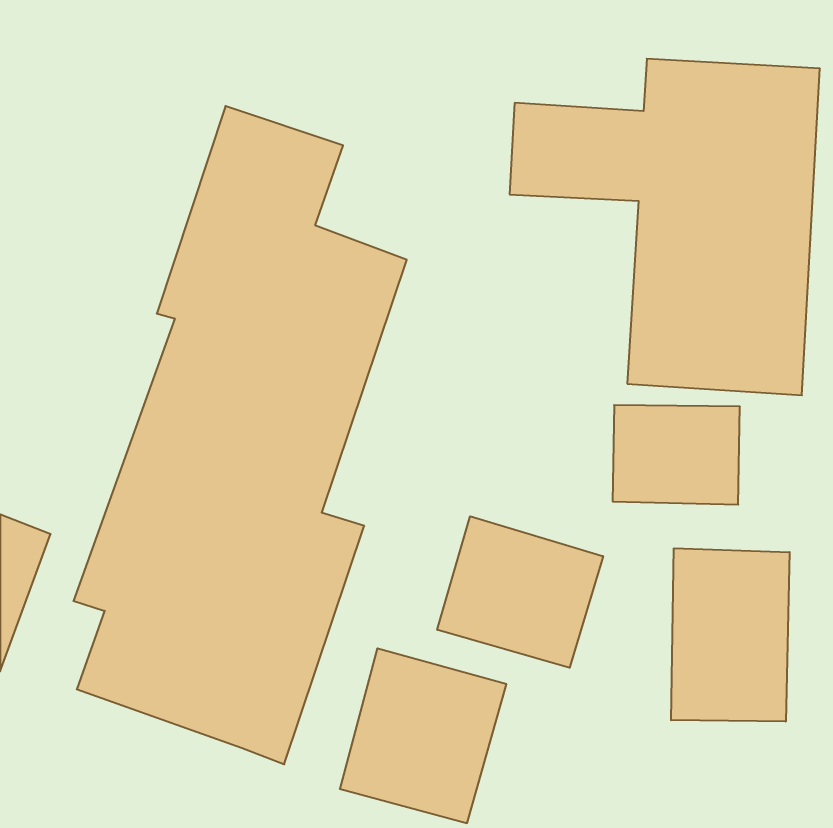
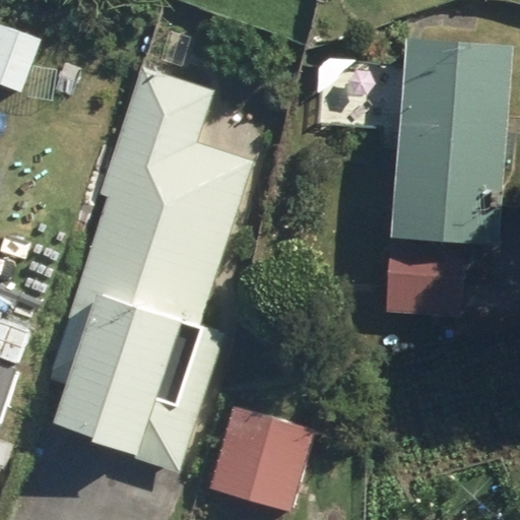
building: [437,516,603,668] -> none
building: [671,548,790,722] -> none

